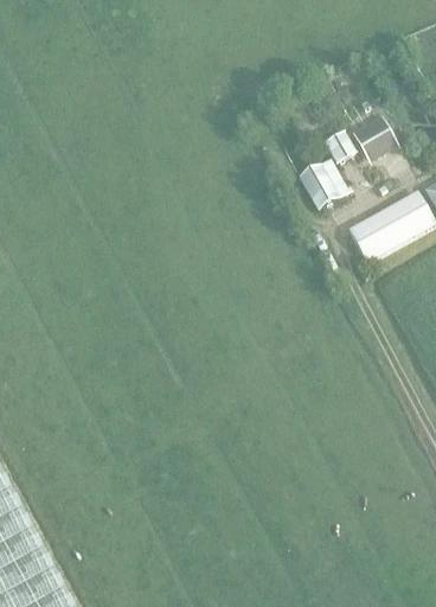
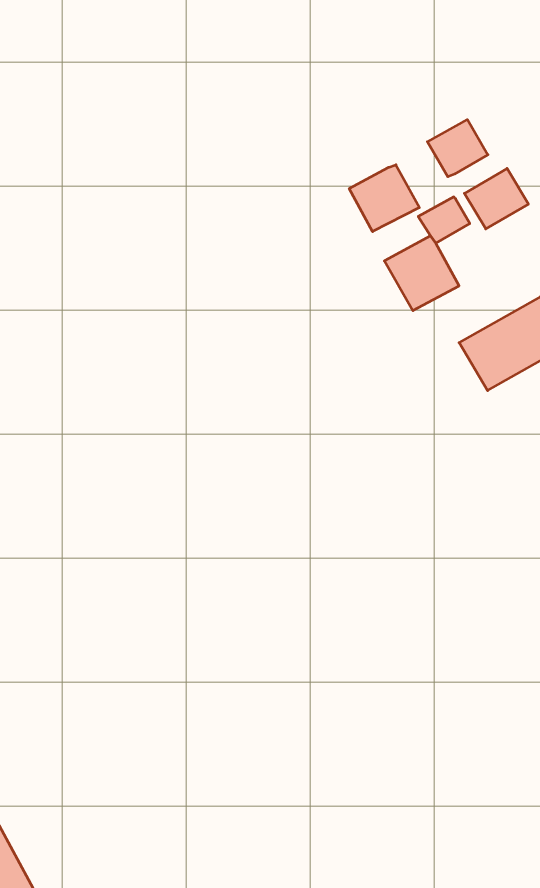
building: none -> [427,120,488,177]
building: none -> [349,165,419,232]

